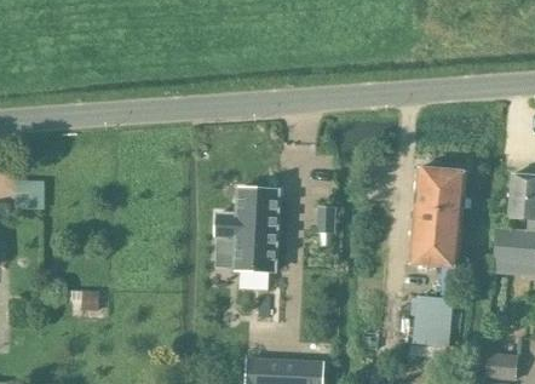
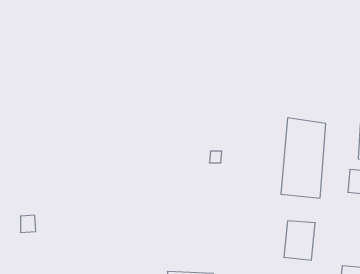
building: [214,190,277,271] -> none

